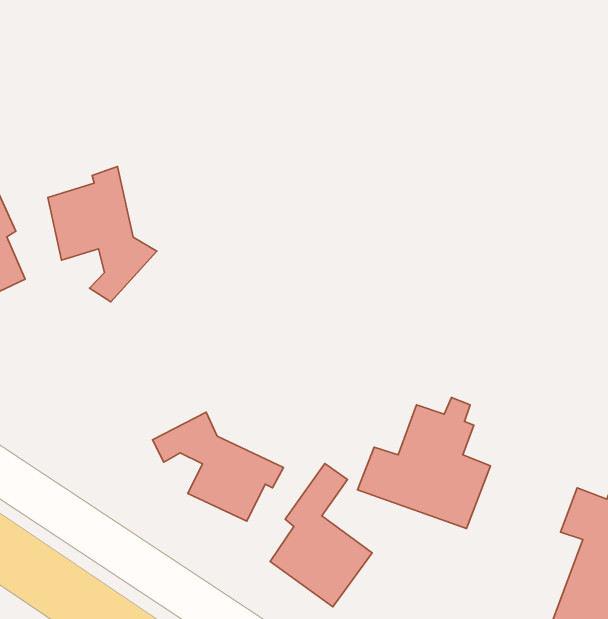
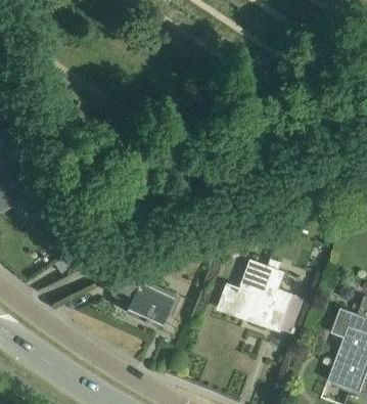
building: [48,167,157,302] -> none
building: [270,463,372,607] -> none

